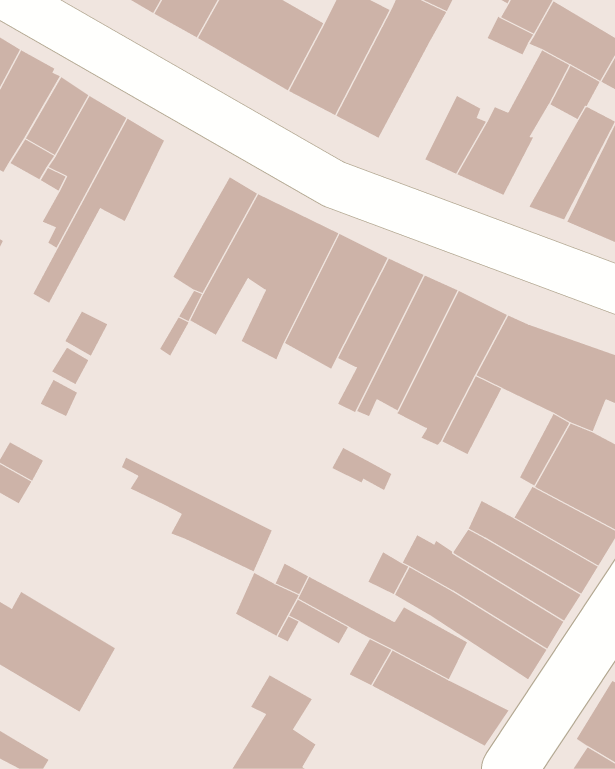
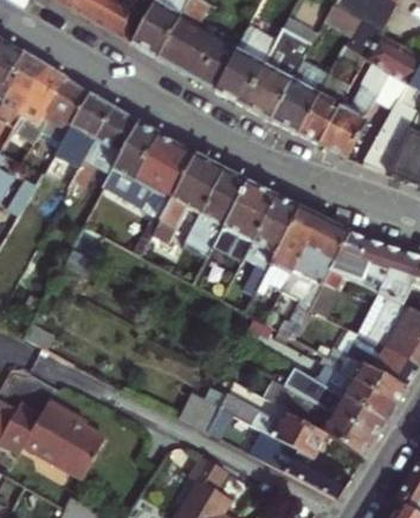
building: none -> [270,59,328,132]
building: none -> [104,121,176,206]
building: [121,457,272,572] -> none

